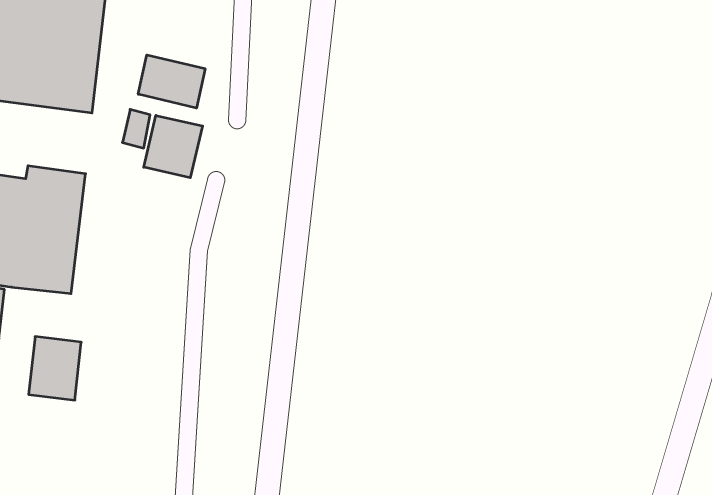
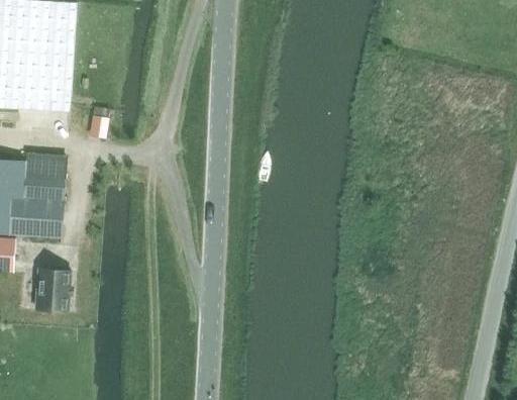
building: [138,55,205,108] -> none
building: [144,115,203,178] -> none

